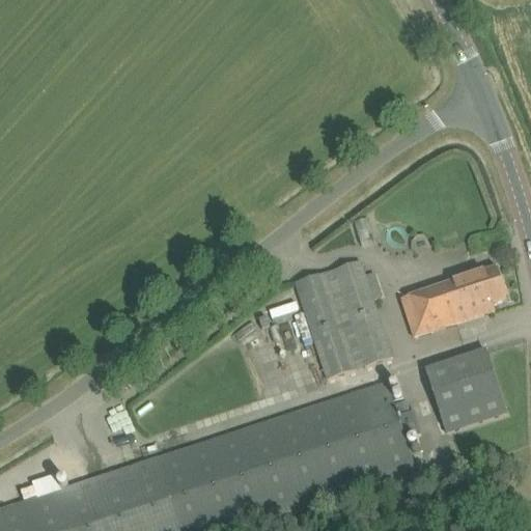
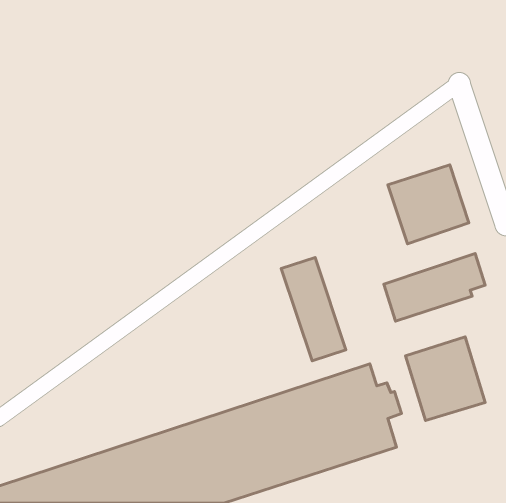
building: none -> [388,165,469,244]
building: [329,259,391,365] -> none

